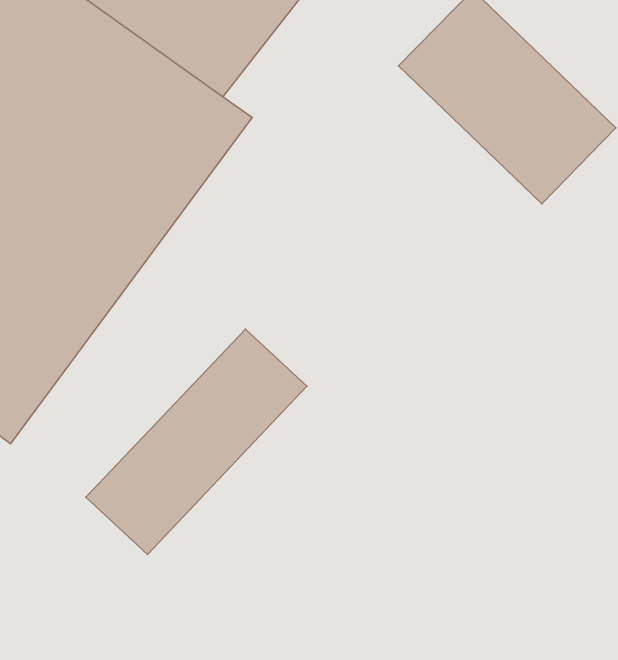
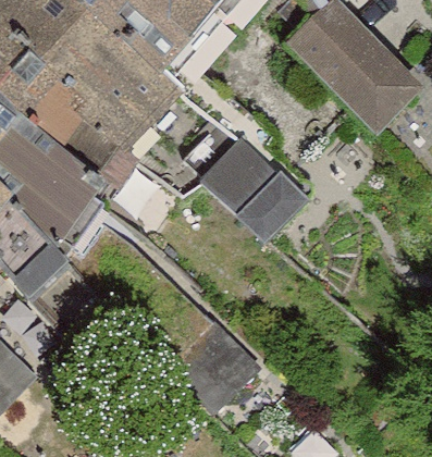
building: none -> [187,124,295,230]
building: [86,329,307,554] -> none

